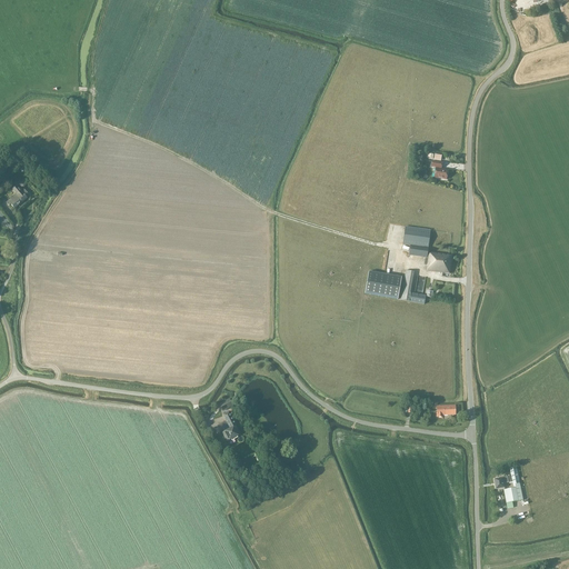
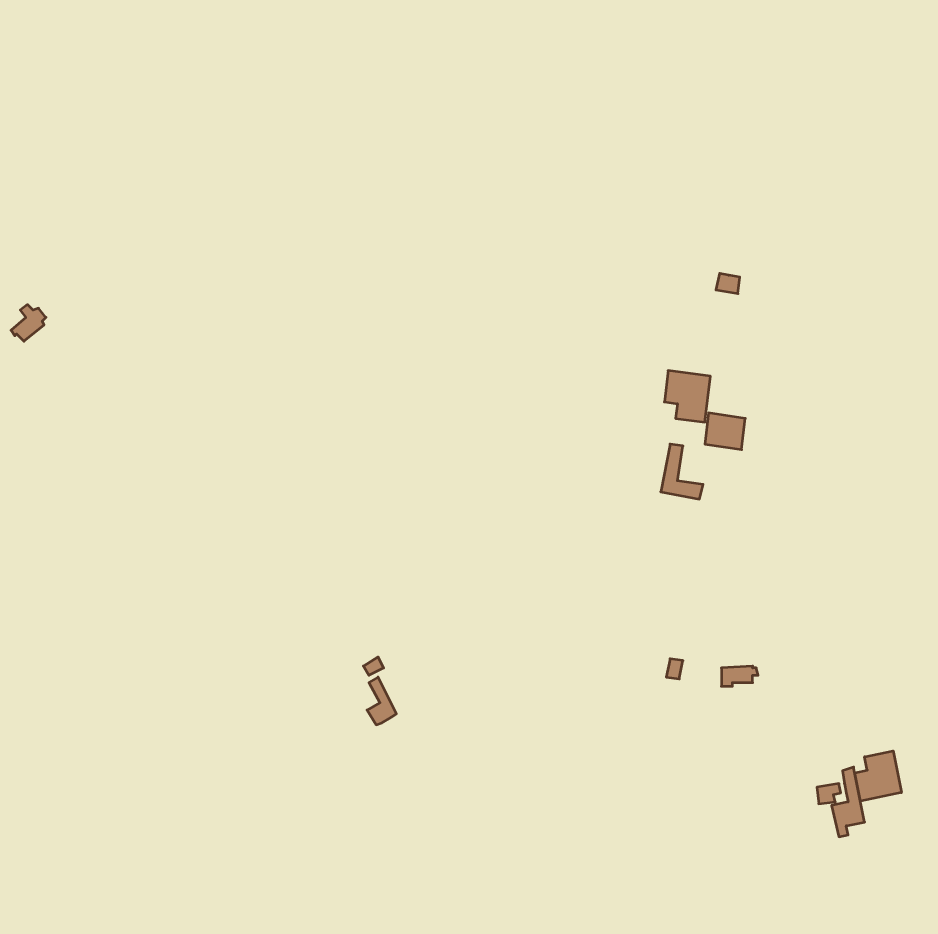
building: [366,270,401,298] -> none
building: none -> [855,751,901,801]

